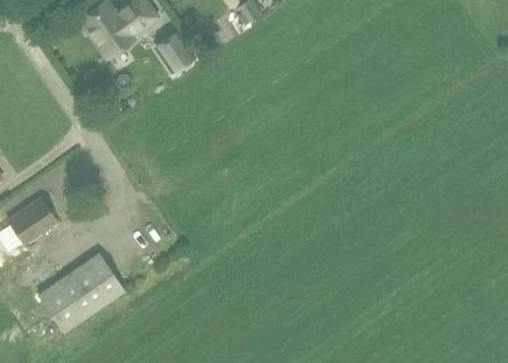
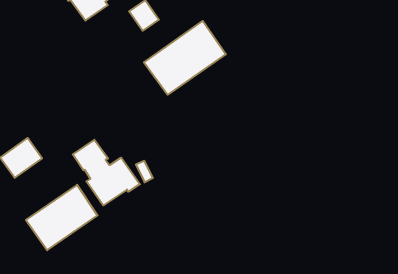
building: none -> [144,21,226,95]
building: none -> [73,140,140,205]

